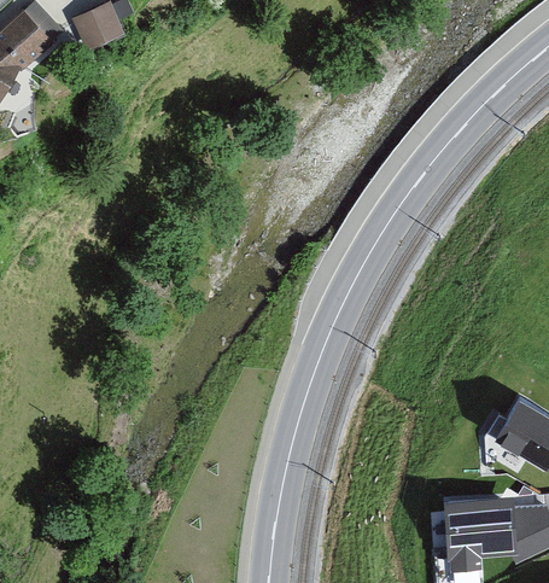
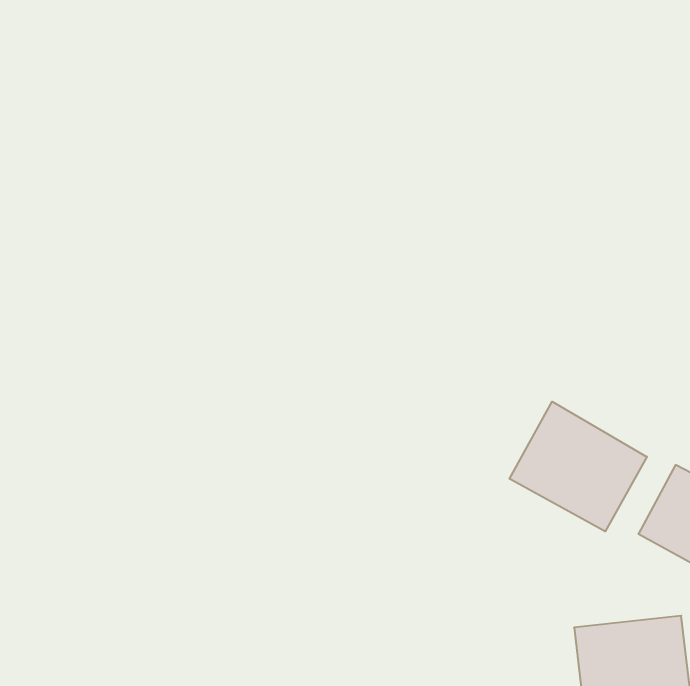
building: none -> [510,402,647,531]

